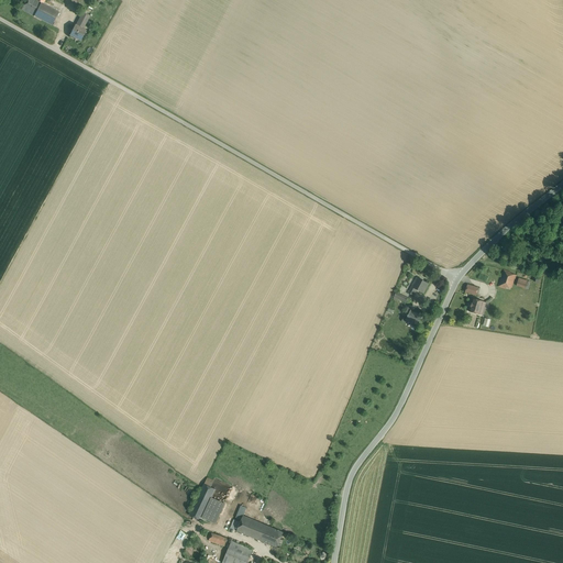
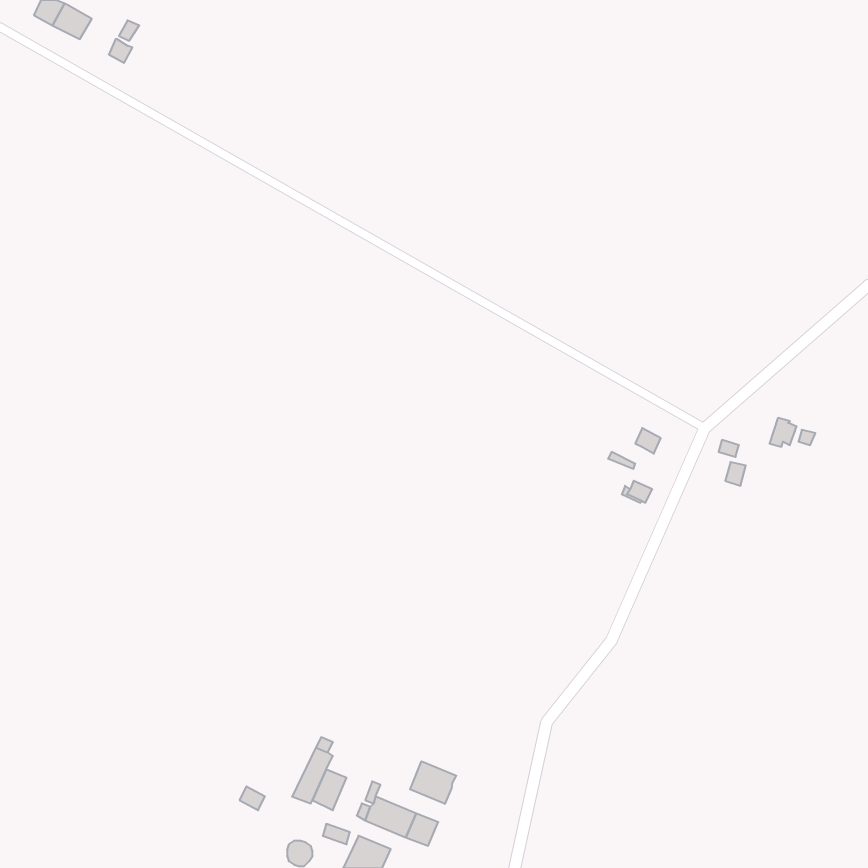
building: none -> [410,761,456,804]

